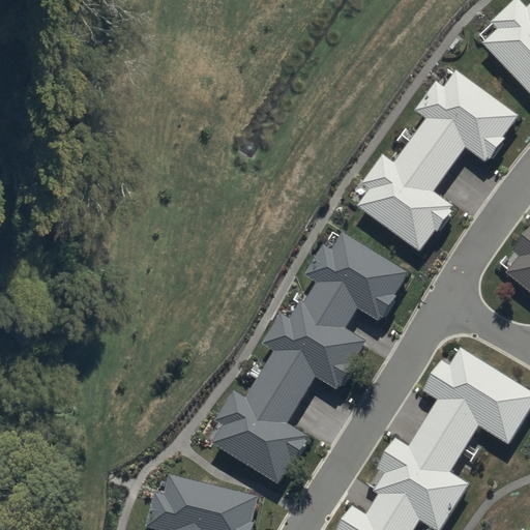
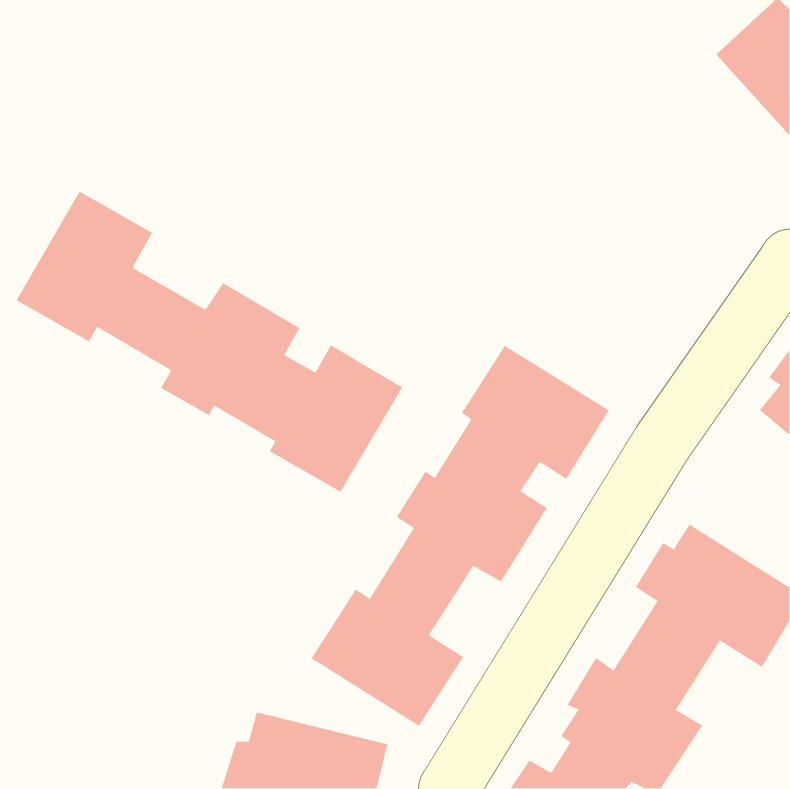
building: [351,70,520,253] -> none
building: none -> [16,191,403,493]

